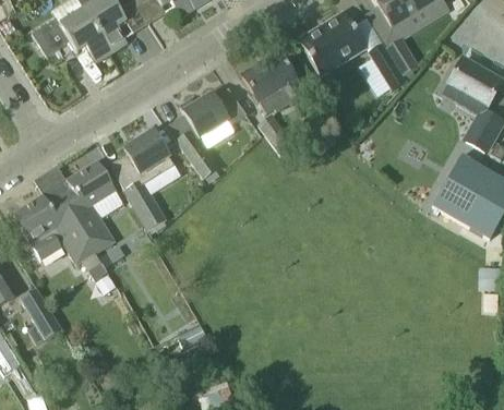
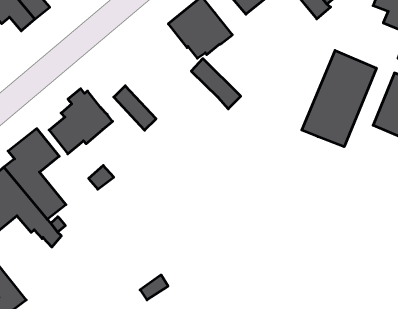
building: [179,89,247,137] -> none
building: none -> [302,50,376,147]
building: [124,179,158,217] -> none

